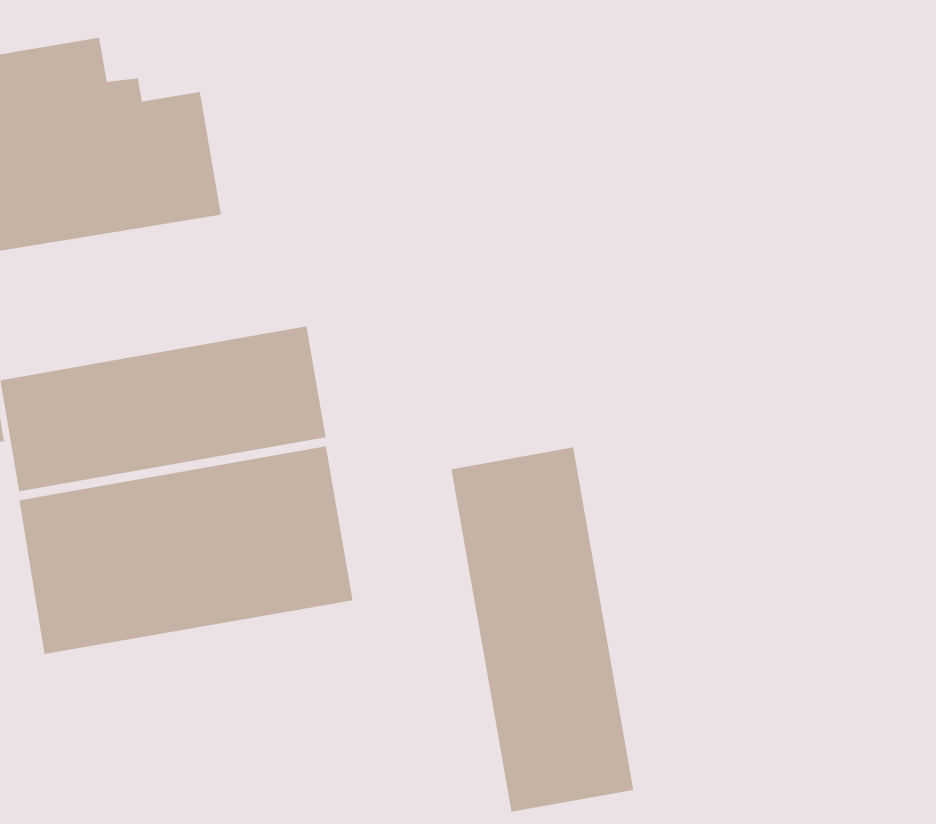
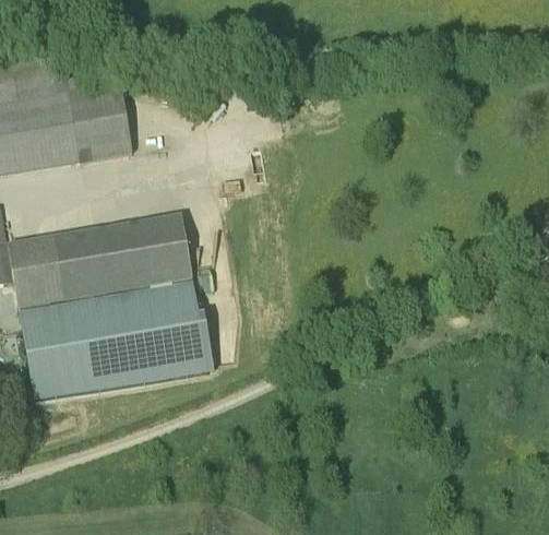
building: [451,447,634,812] -> none

